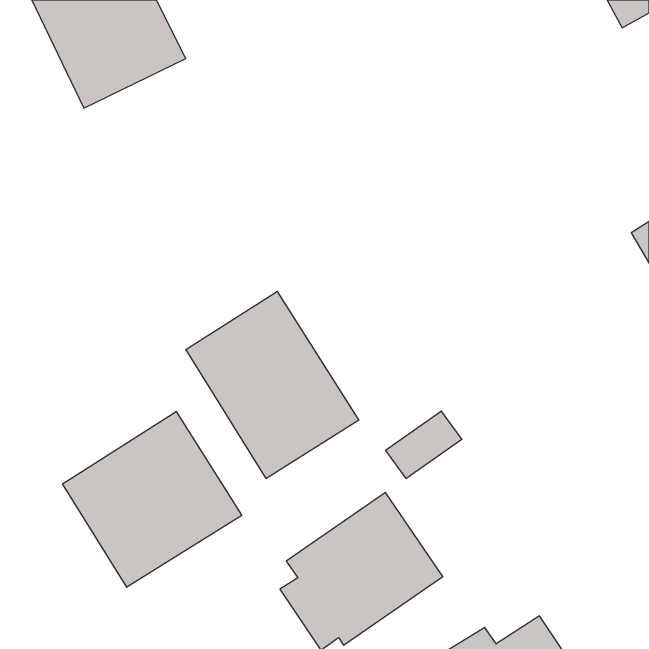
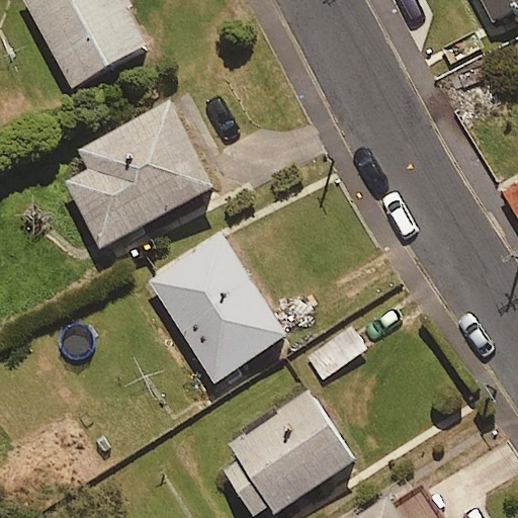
building: none -> [65,91,214,246]
building: [63,411,242,587] -> none

